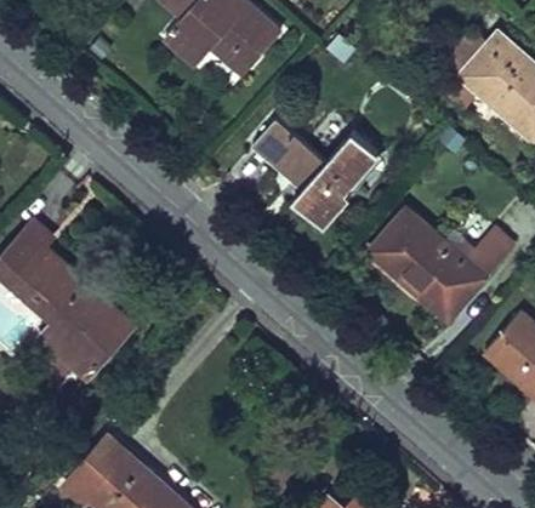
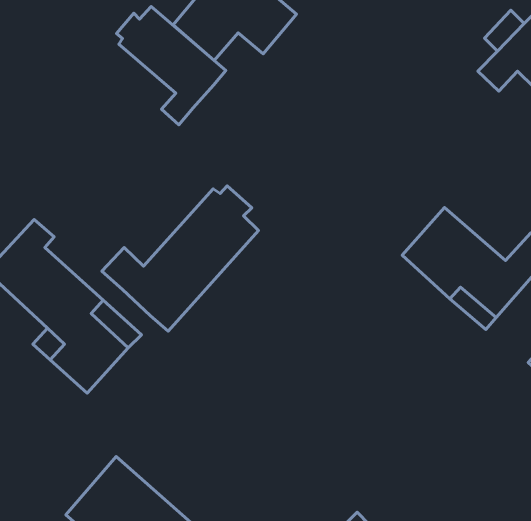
building: none -> [117,7,226,125]
building: [251,115,377,216] -> none
building: none -> [102,186,259,331]

